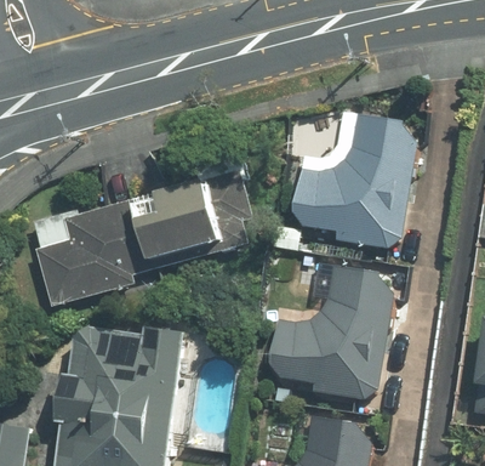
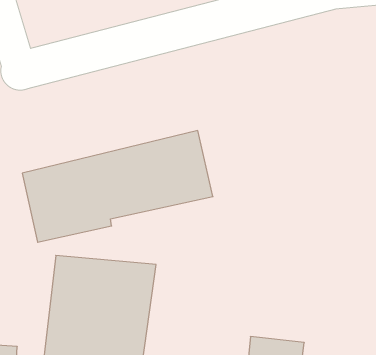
building: [291,110,409,248] -> none
building: [280,263,392,396] -> none

